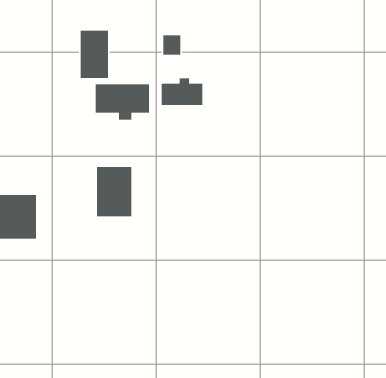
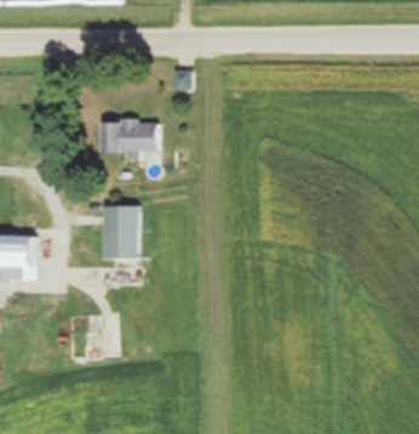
building: [80,30,109,79] -> none
building: [161,77,203,106] -> none

